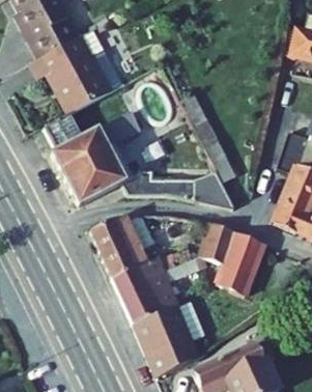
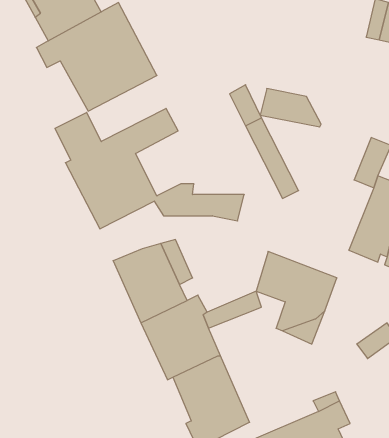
building: [187,178,234,208] -> [260,89,321,127]

